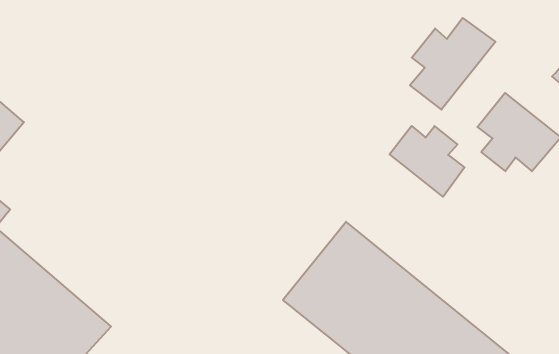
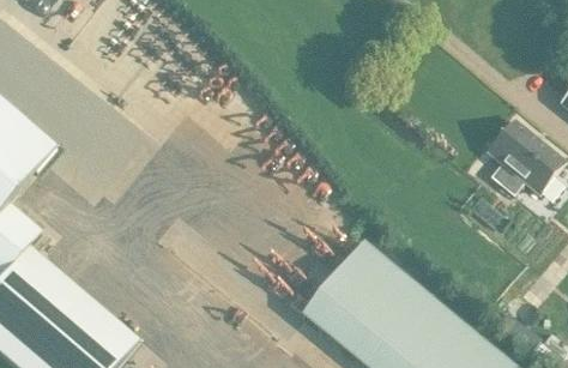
building: [410,18,495,110] -> none
building: [390,126,465,197] -> none

